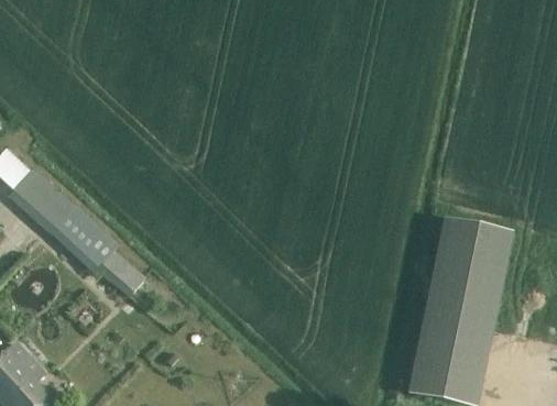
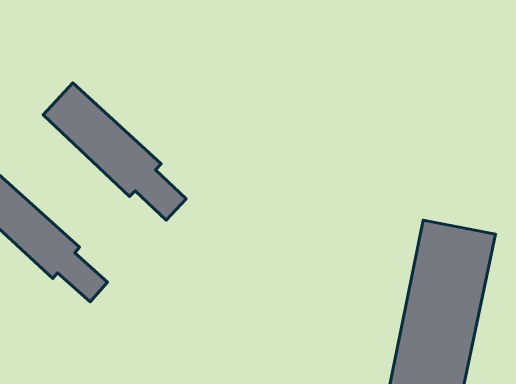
building: none -> [43,83,186,220]

